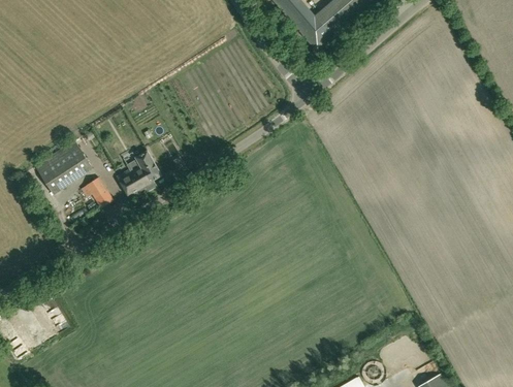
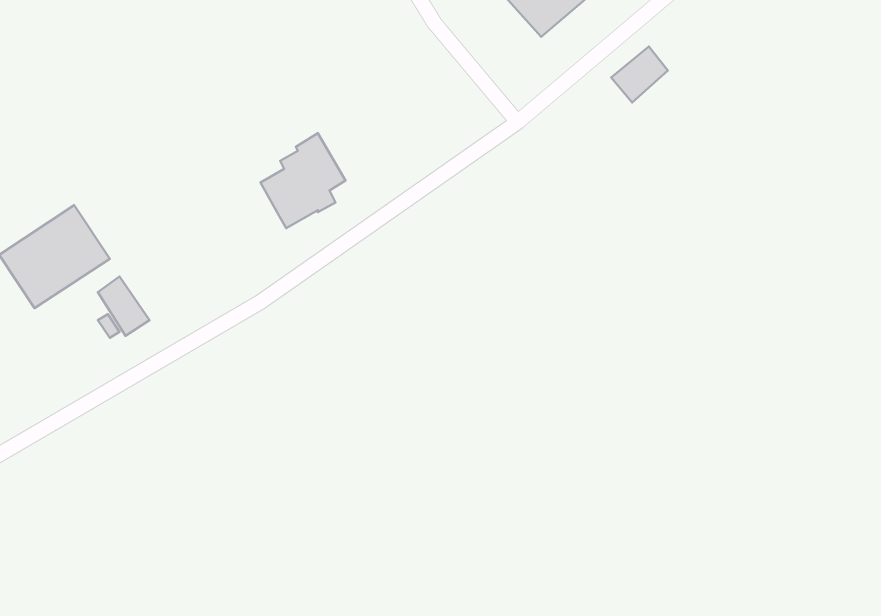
building: none -> [611,46,668,103]
building: [116,149,160,198] -> [260,133,345,228]

